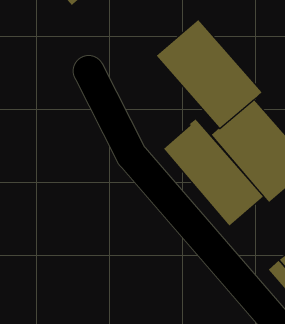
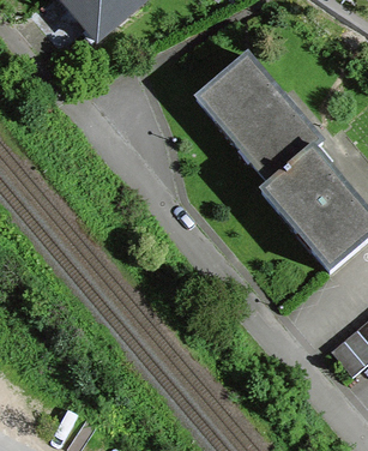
building: [163,118,264,226] -> none

